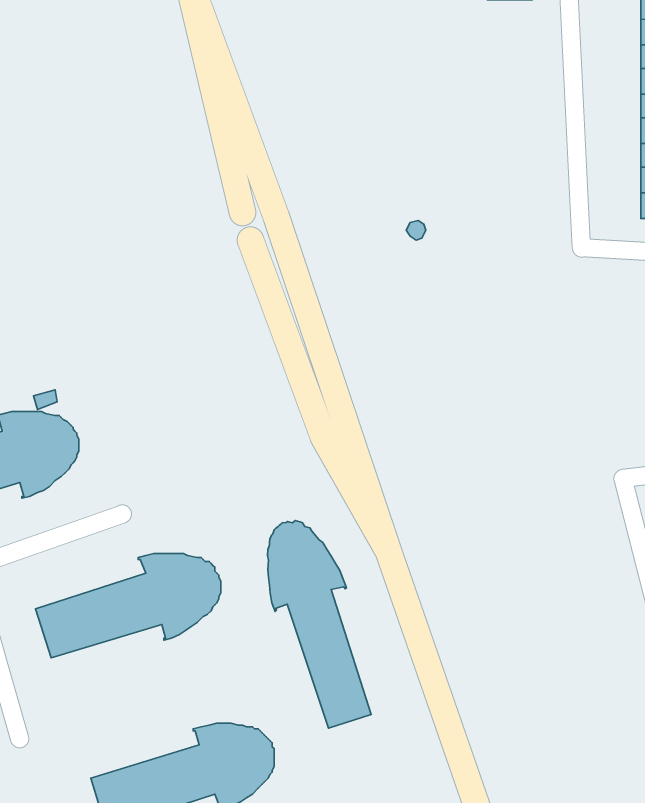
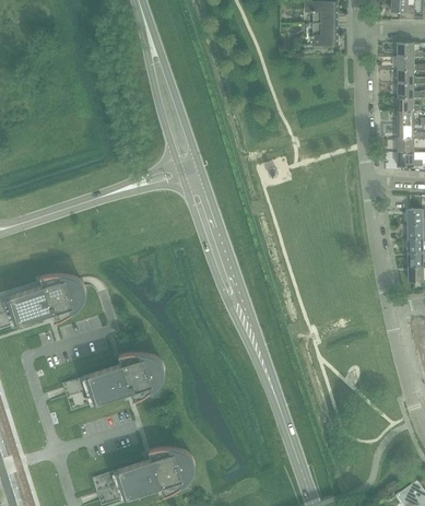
building: [267,521,371,728] -> none

